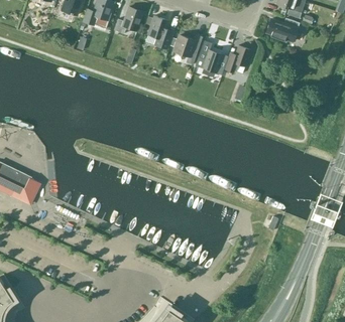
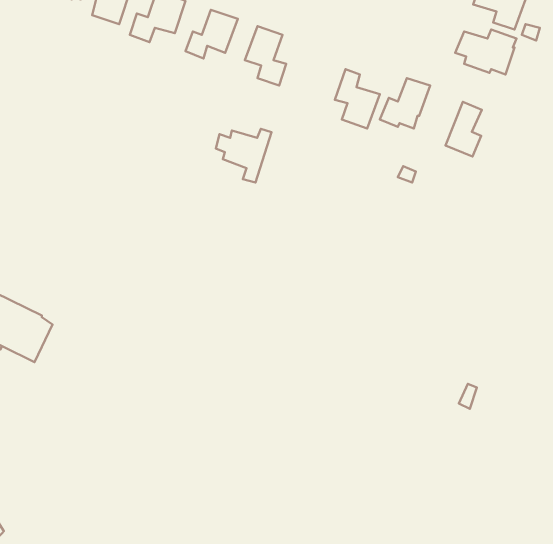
building: [171,34,203,64] -> [216,129,272,183]
building: none -> [445,102,482,157]

